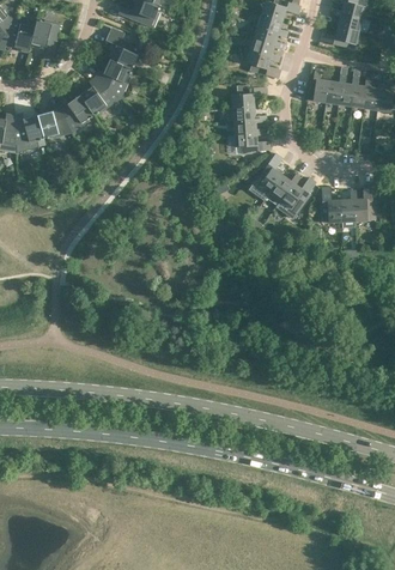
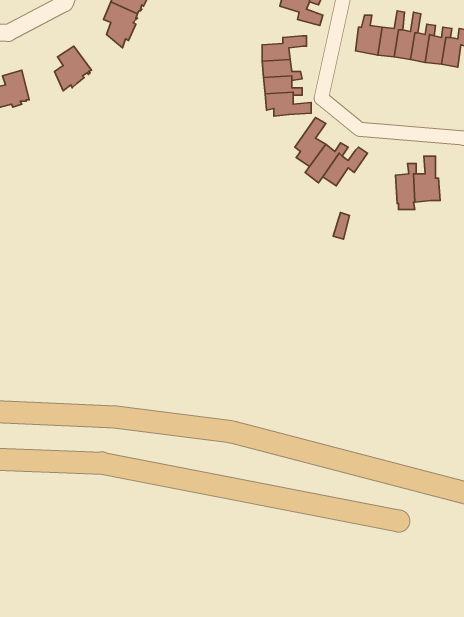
building: [79,85,120,114] -> none
building: [37,110,71,138] -> none
building: [320,184,340,223] -> none

